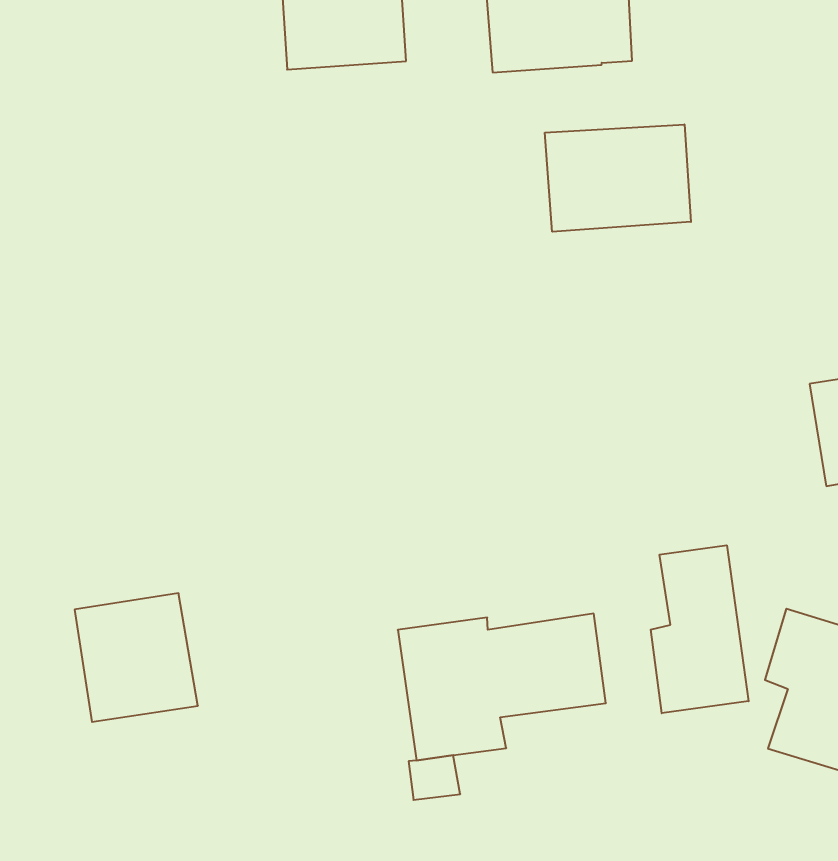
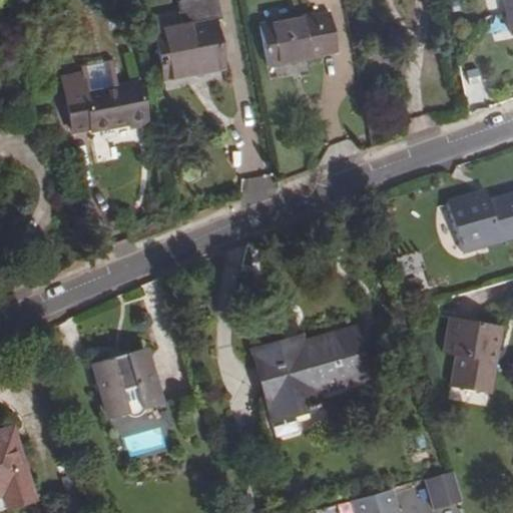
building: none -> [62,57,147,132]
building: [545,124,691,232] -> none
building: [651,545,749,713] -> none

